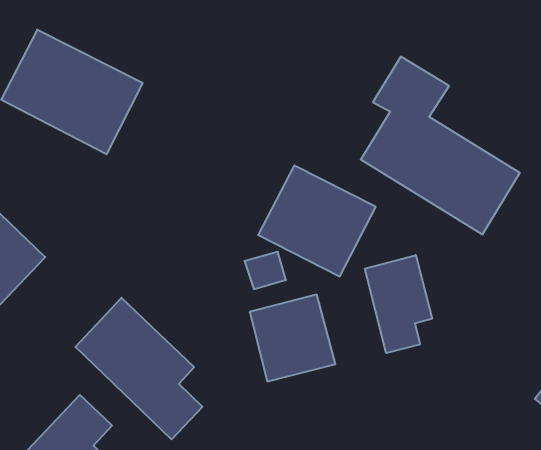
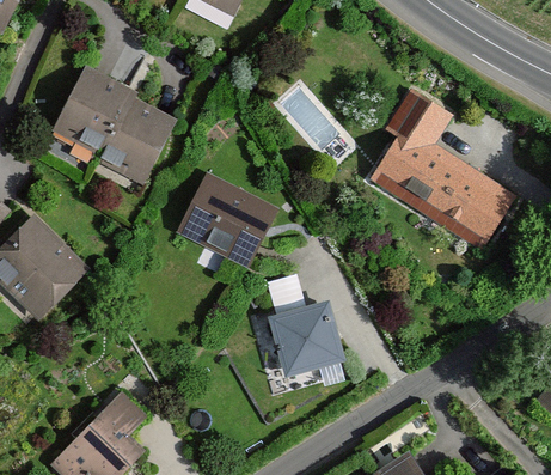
building: [258,165,376,276] -> [175,172,280,272]
building: [365,255,432,353] -> none
building: [75,298,202,439] -> none

